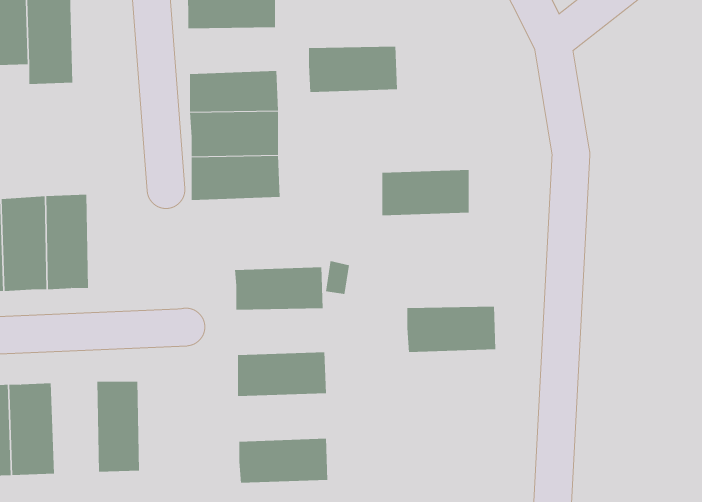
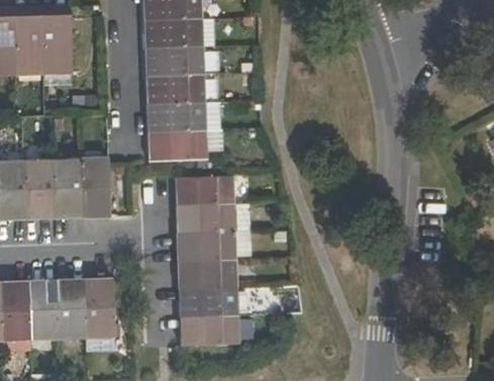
building: [308,46,398,93] -> [145,47,204,78]
building: [381,170,470,216] -> [176,176,233,206]
building: none -> [80,156,109,218]
building: [407,306,496,353] -> [177,231,235,262]
building: none -> [57,279,87,340]
building: none -> [178,287,236,318]

